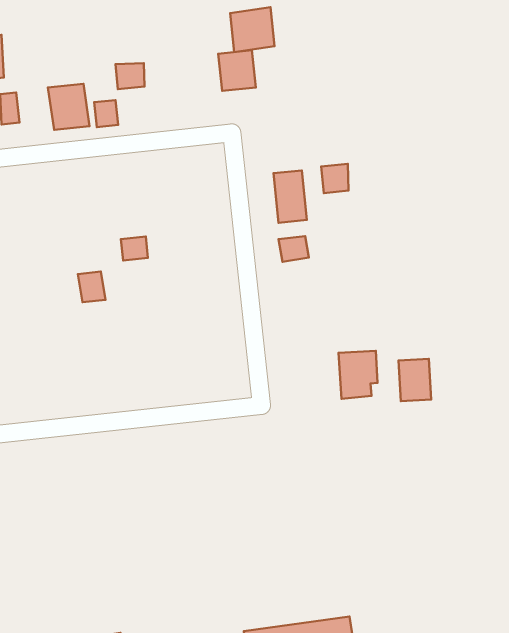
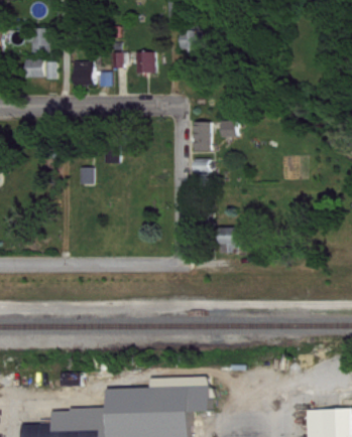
building: [218,50,256,91] -> [135,52,154,74]
building: [398,359,431,401] -> none

